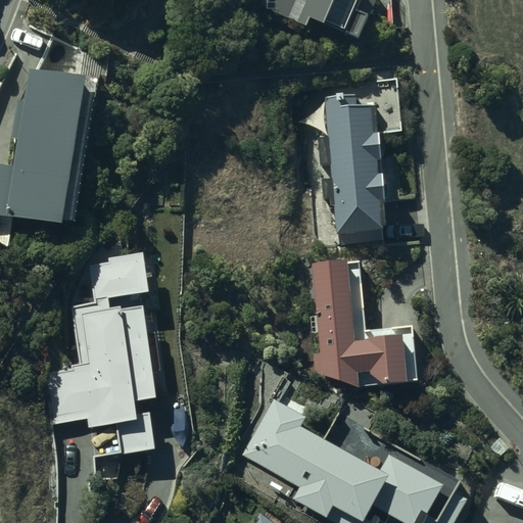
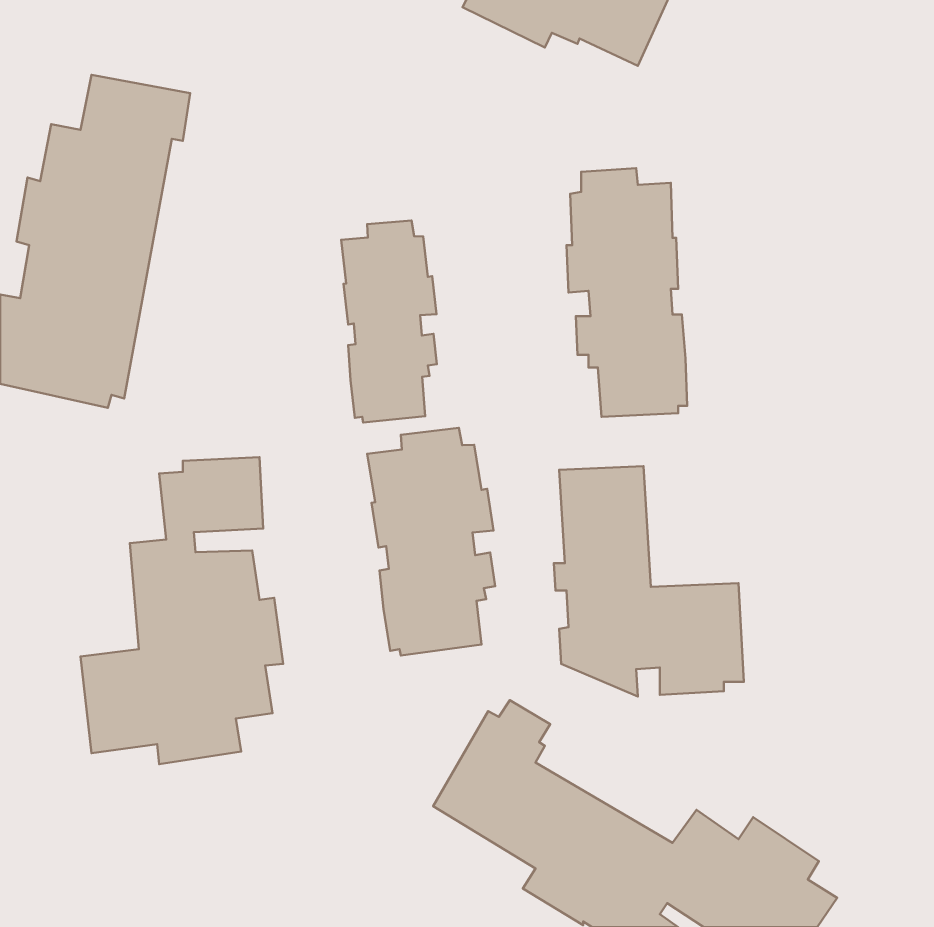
building: none -> [341,220,437,423]
building: none -> [367,428,495,656]

